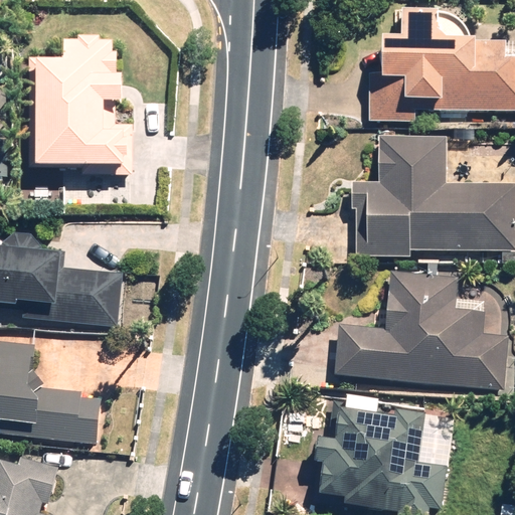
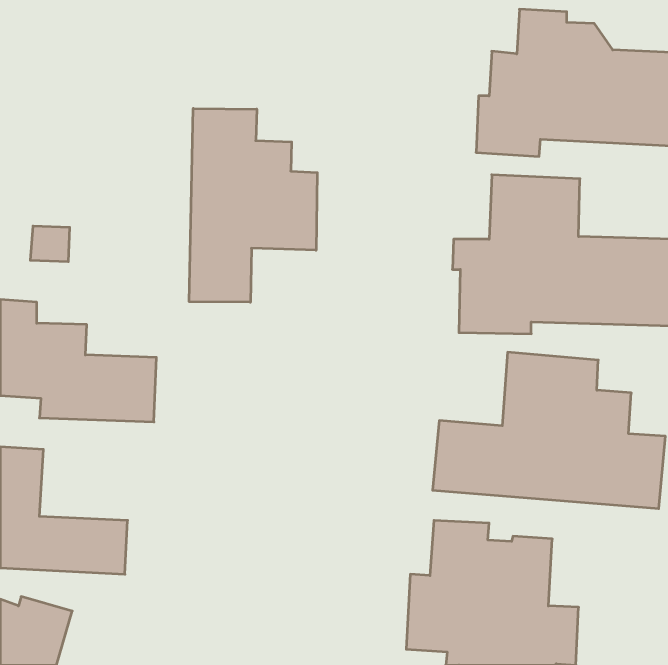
building: [26,43,124,169] -> none
building: none -> [189,108,317,302]

